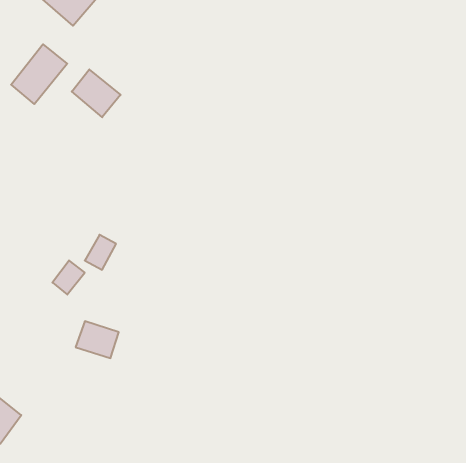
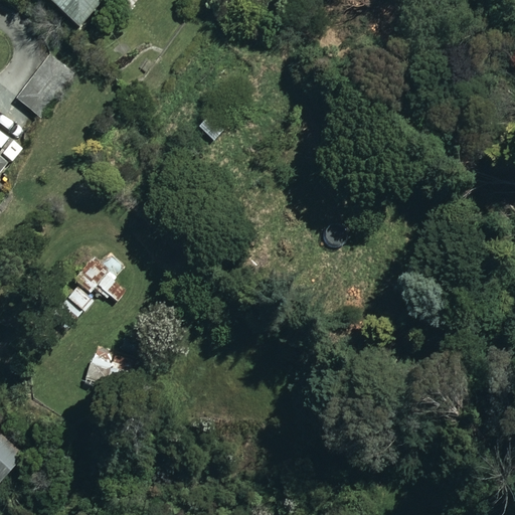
building: [72,69,121,117] -> none

